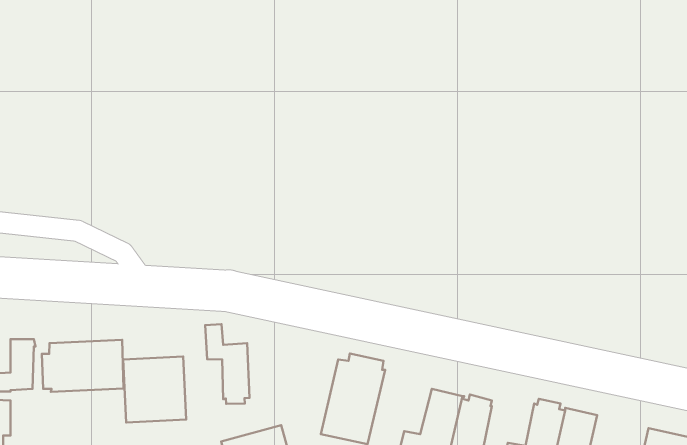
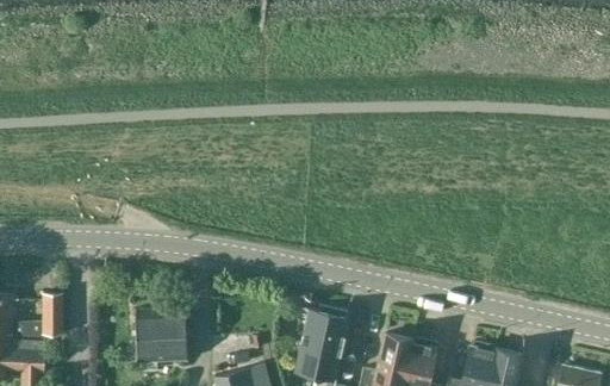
building: [205,324,250,404] -> none
building: [42,340,124,392] -> none

